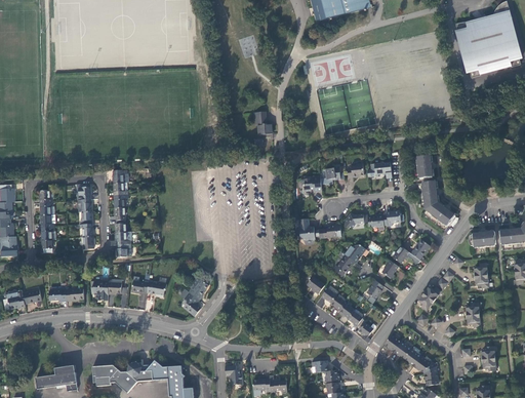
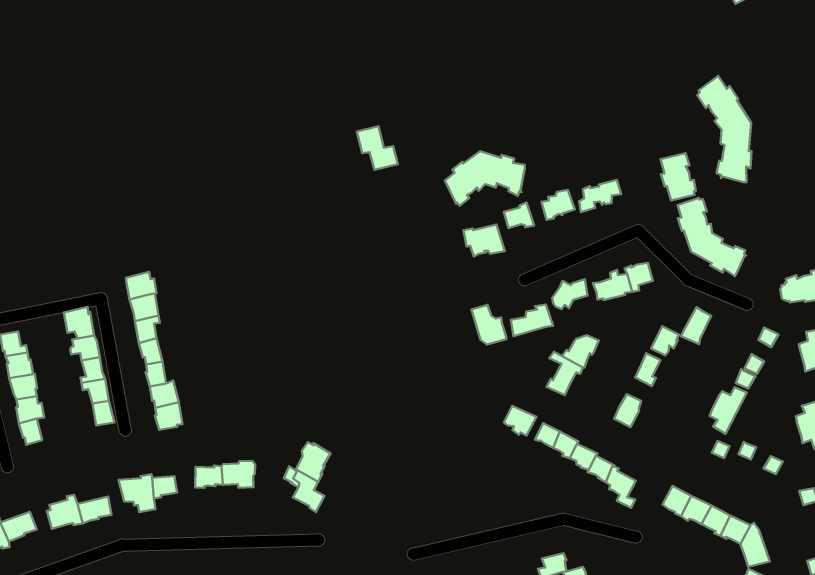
building: none -> [697,76,752,182]
building: none -> [445,151,525,206]

